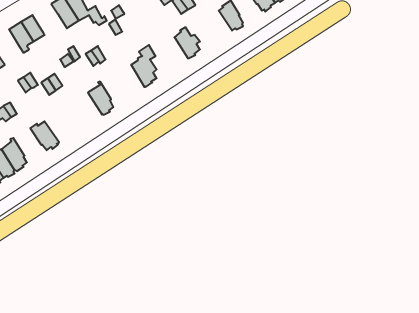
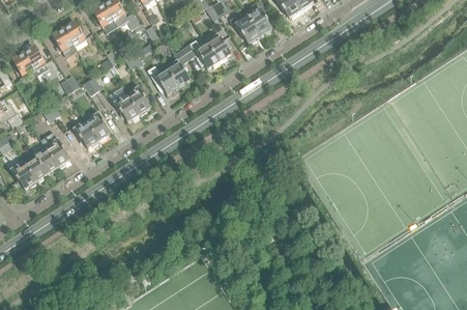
building: none -> [229,12,260,44]
building: none -> [182,40,218,68]
building: none -> [146,64,178,94]
building: none -> [111,93,139,121]
building: none -> [85,109,109,141]

